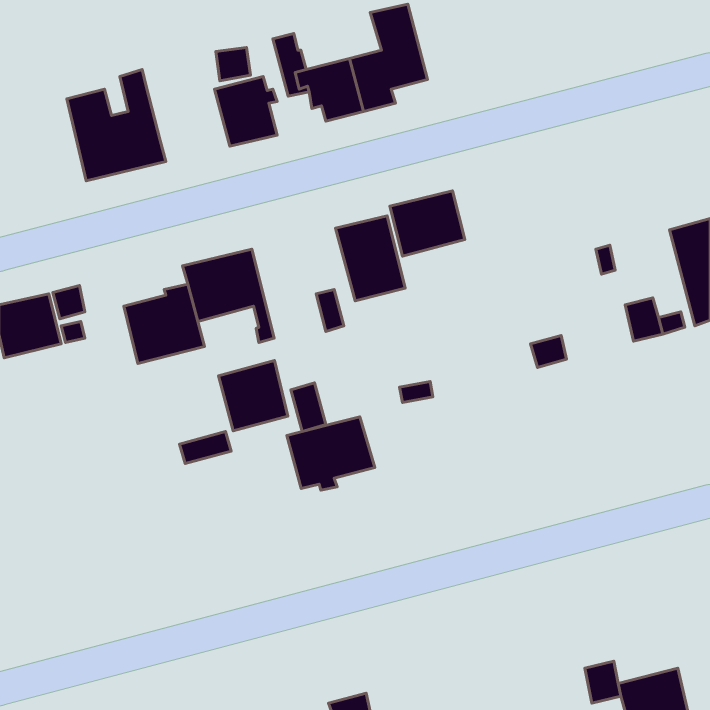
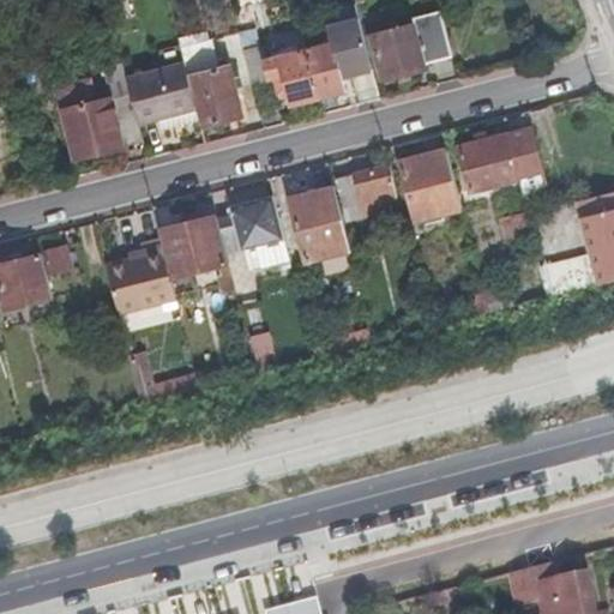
building: none -> [366,10,447,82]
building: none -> [126,62,193,122]
building: none -> [459,131,546,193]
building: none -> [399,151,462,218]
building: none -> [229,195,285,252]
building: [218,360,288,431] -> none
building: [287,417,375,490] -> none

